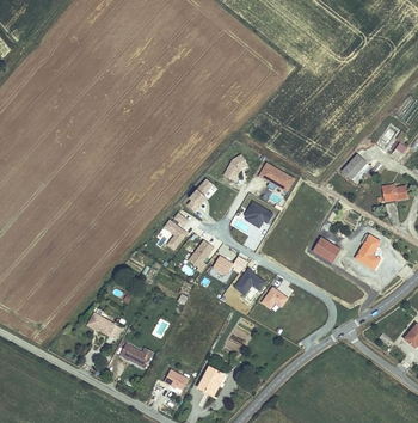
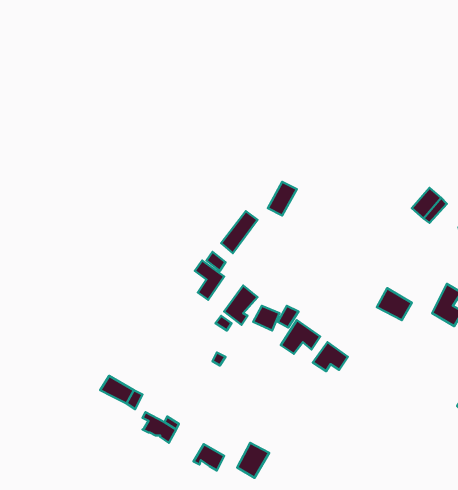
building: [258,160,295,191] -> none
building: [242,200,275,227] -> none

